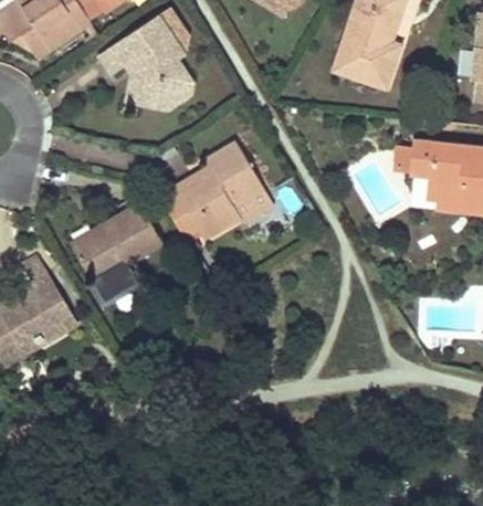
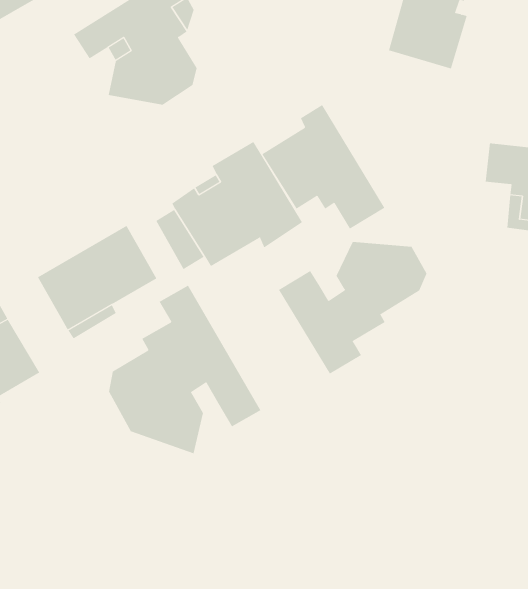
building: none -> [261,104,385,230]
building: none -> [278,241,427,375]
building: none -> [108,285,261,454]

